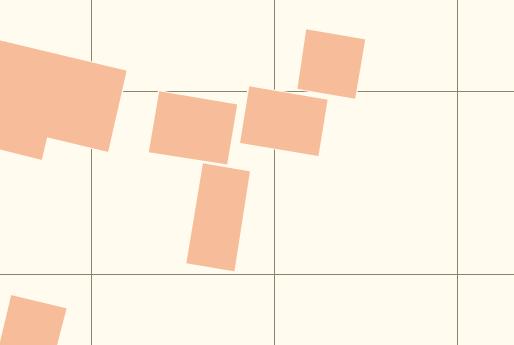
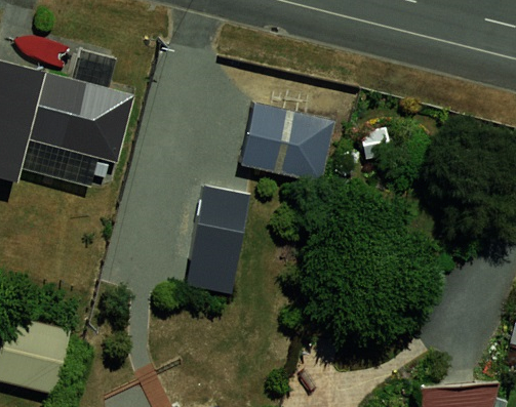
building: [297,29,366,99] -> none
building: [148,90,238,165] -> none

